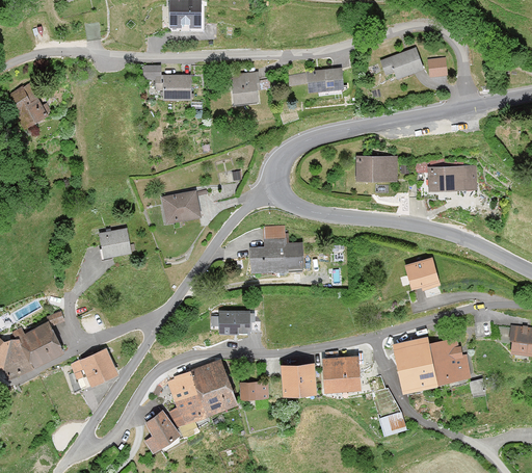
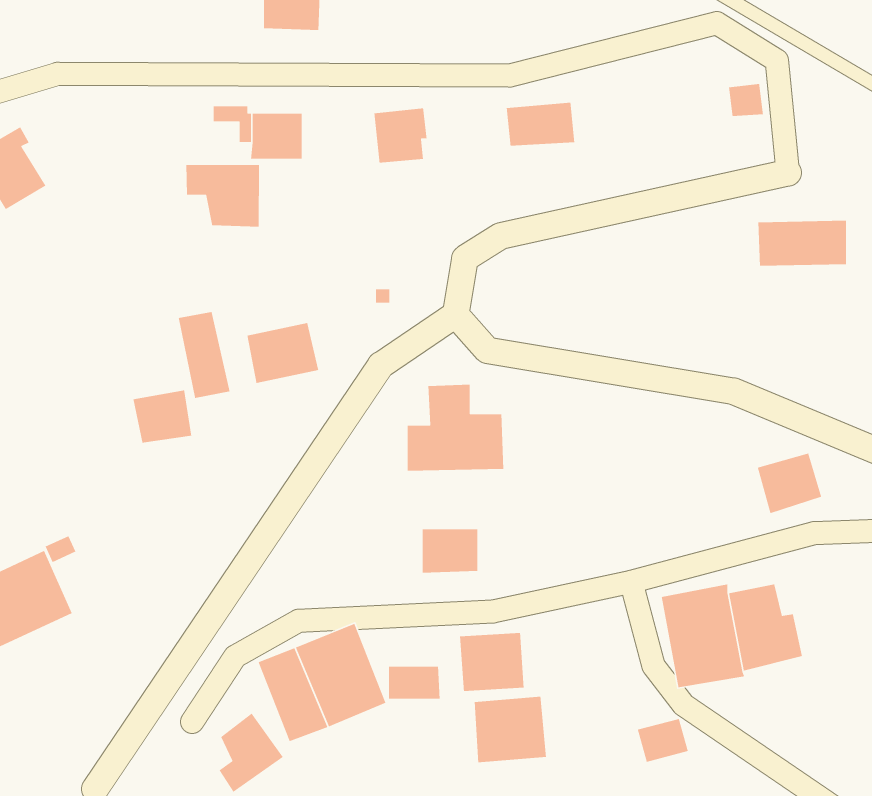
building: [381,47,425,79] -> none
building: none -> [185,164,260,227]
building: [356,155,398,182] -> none
building: [427,166,477,192] -> [757,220,847,267]
building: none -> [178,311,230,399]
building: [404,258,441,292] -> [757,452,822,514]
building: [219,309,250,334] -> [422,529,478,573]
building: [70,347,116,386] -> none
building: [320,354,361,392] -> [474,696,547,763]

